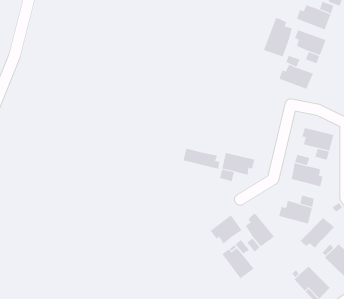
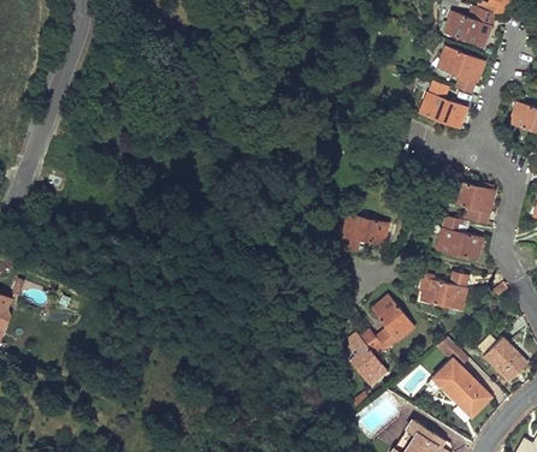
building: [263,17,292,57] -> none
building: [183,148,220,169] -> none
building: [210,215,242,244] -> none
building: [300,217,335,248] -> none

